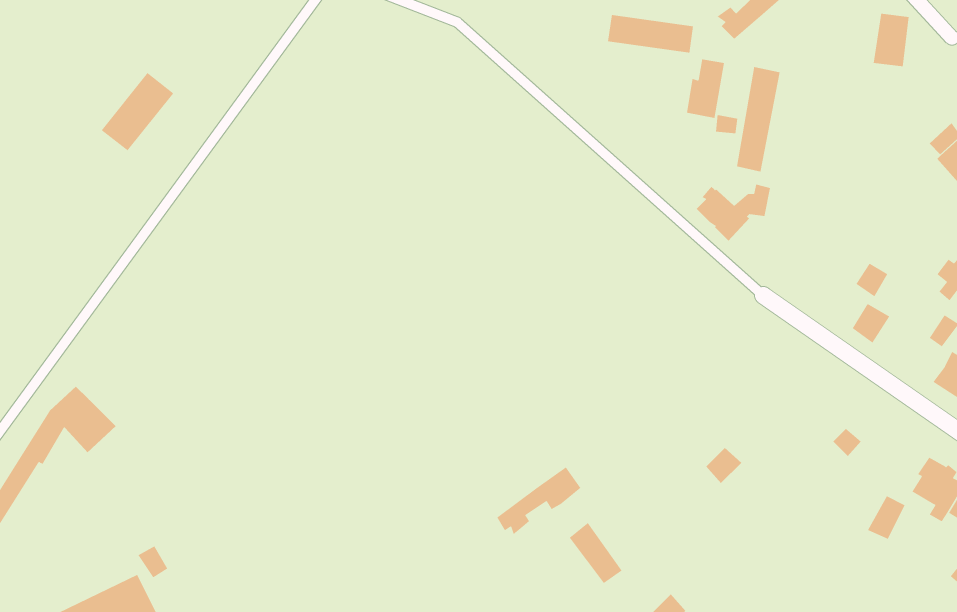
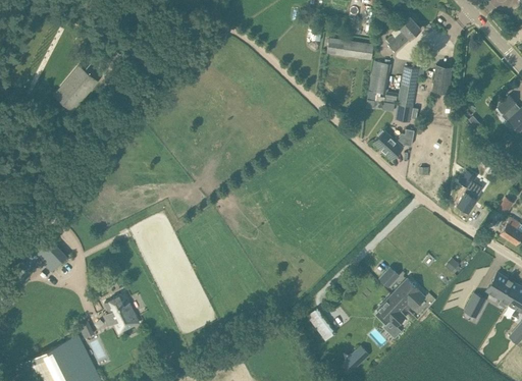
building: [873,13,909,67] -> [432,65,452,94]
building: [496,466,581,535] -> none
building: none -> [375,278,425,327]
building: none -> [105,293,139,332]

